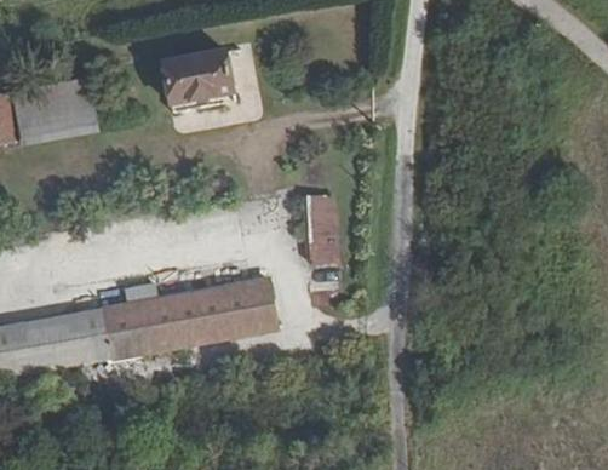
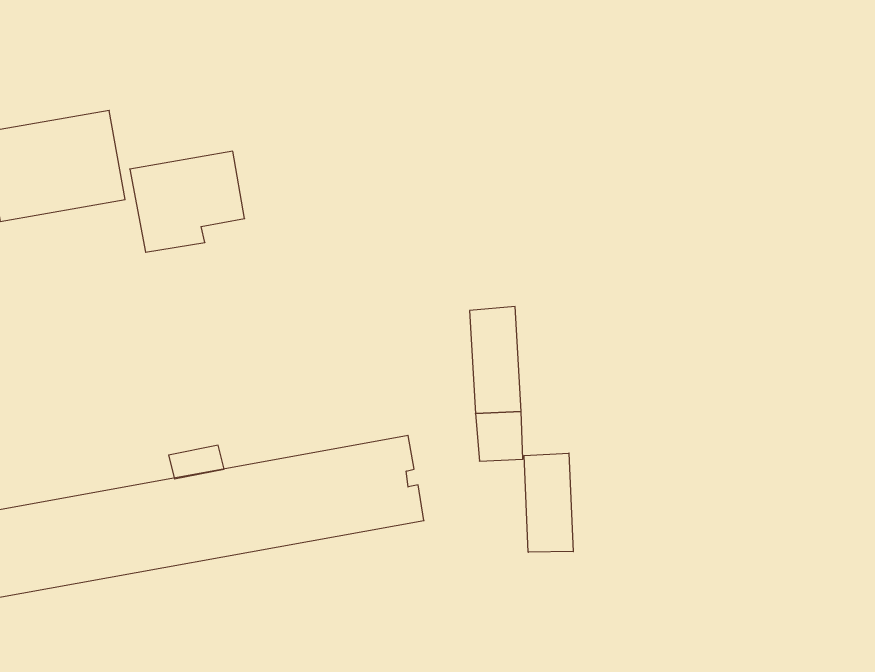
building: [162,51,233,113] -> [130,151,245,252]
building: none -> [524,453,573,552]

